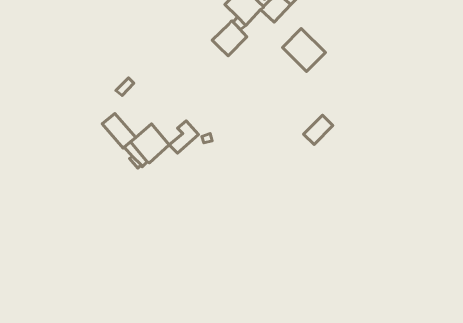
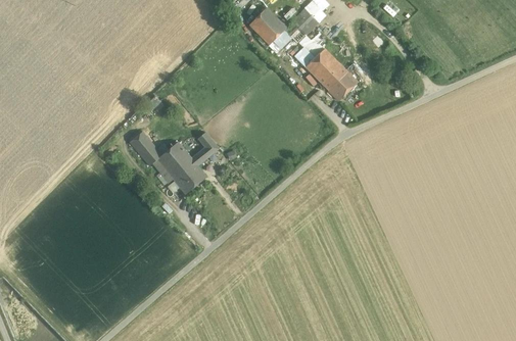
building: [212,21,247,56] -> none
building: [304,115,333,144] -> [328,70,357,99]
building: none -> [175,160,206,191]

